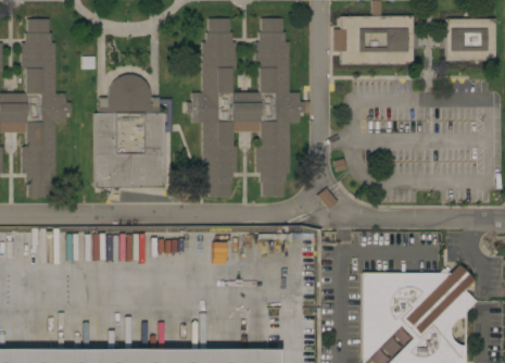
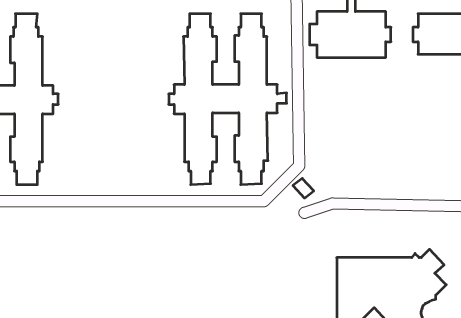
building: [94,74,164,188] -> none

